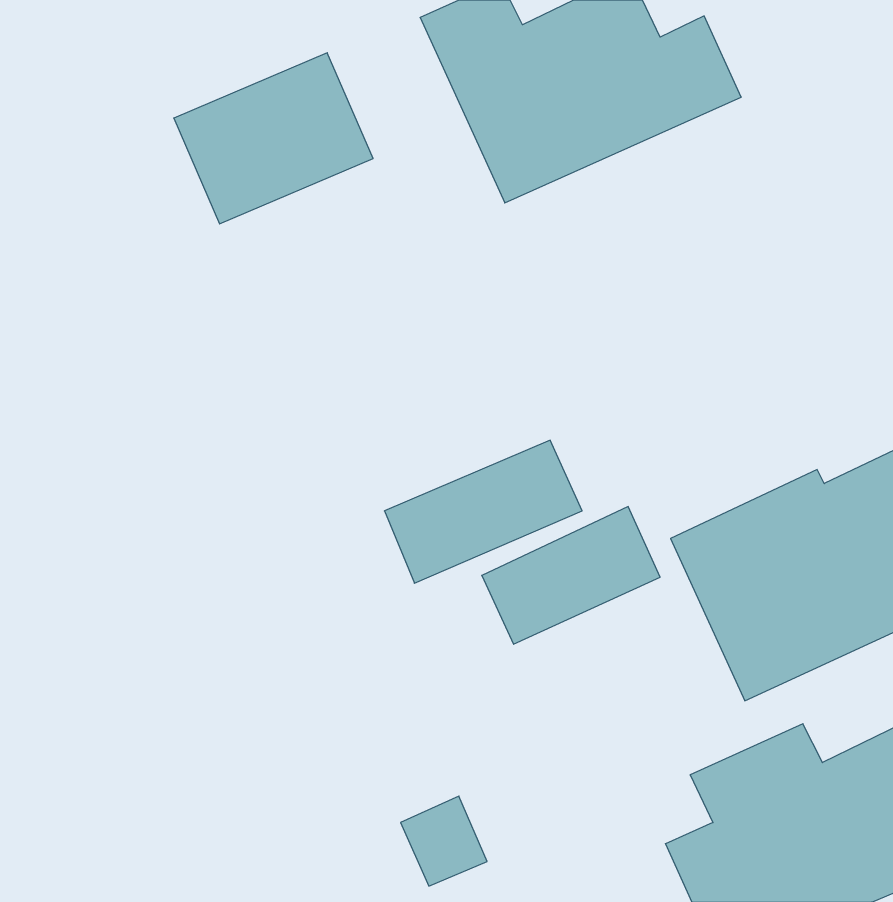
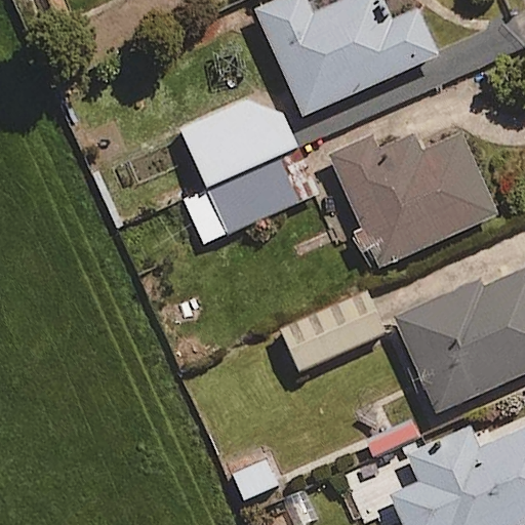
building: [174,53,373,224] -> [185,91,300,191]
building: none -> [323,129,494,271]
building: [384,440,582,583] -> [190,164,305,247]

